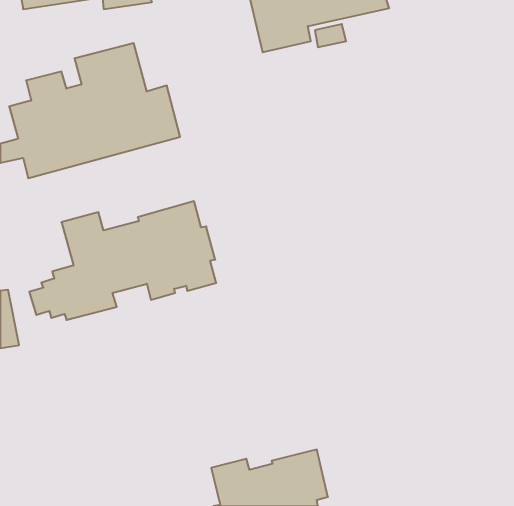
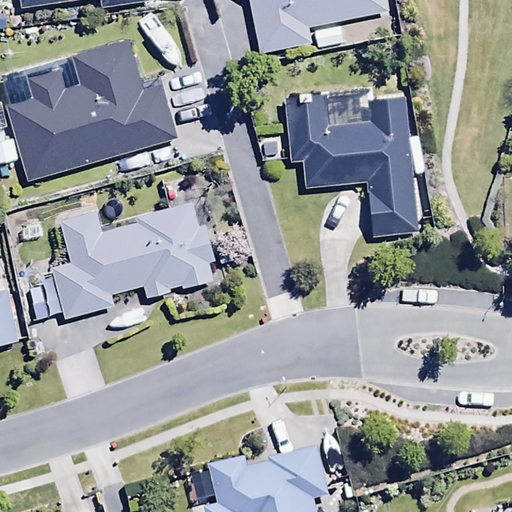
building: none -> [284,94,417,235]

